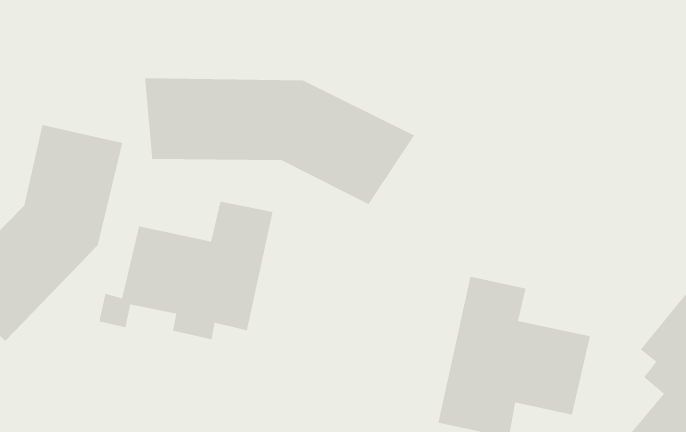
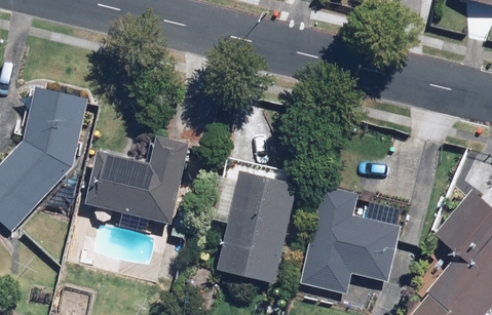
building: [144,77,415,205] -> none
building: none -> [210,157,297,284]

